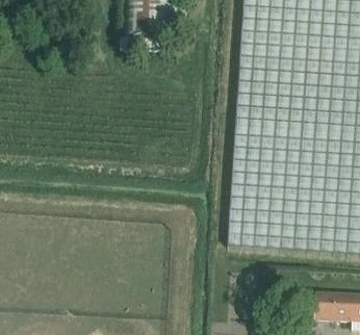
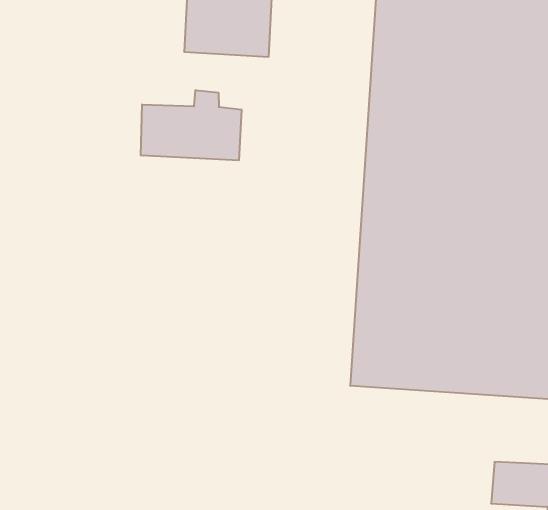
building: none -> [141,90,242,160]

